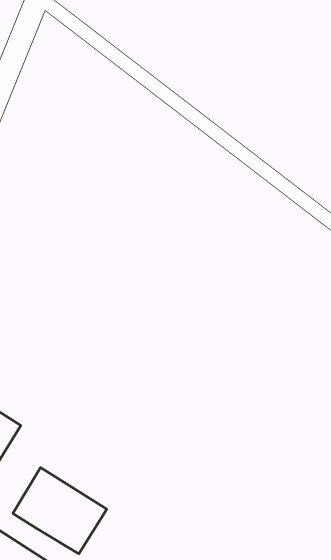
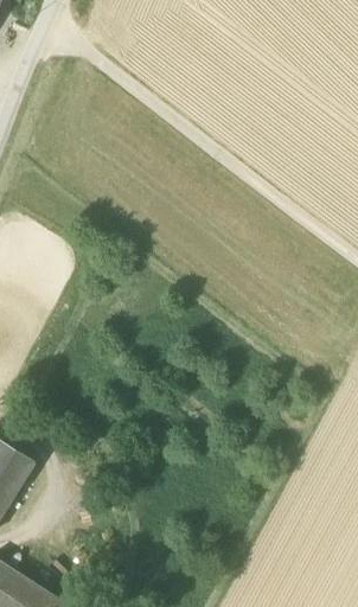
building: [13,468,107,554] -> none

